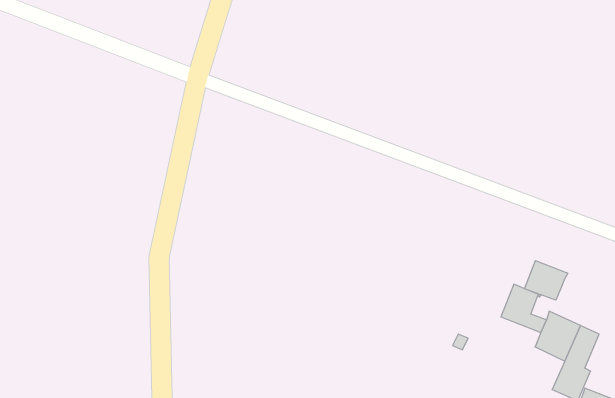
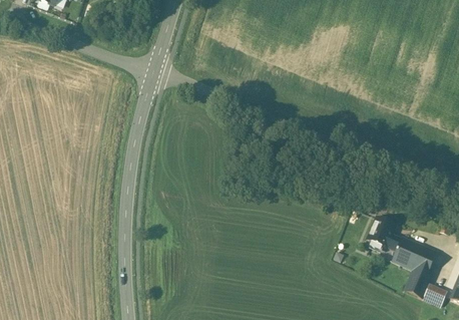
building: [524,261,568,300] -> none

